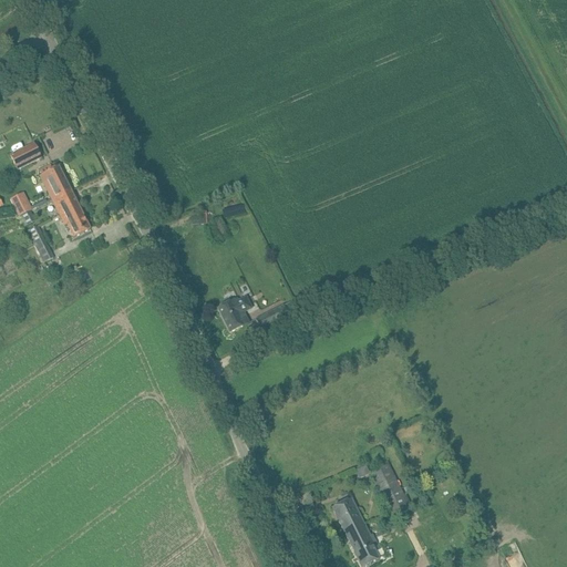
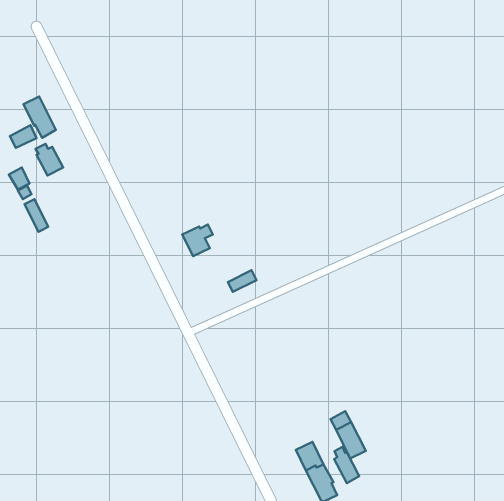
building: [53,188,90,235] -> [23,96,56,138]
building: [217,295,251,330] -> [182,225,213,256]
building: none -> [334,447,359,483]

